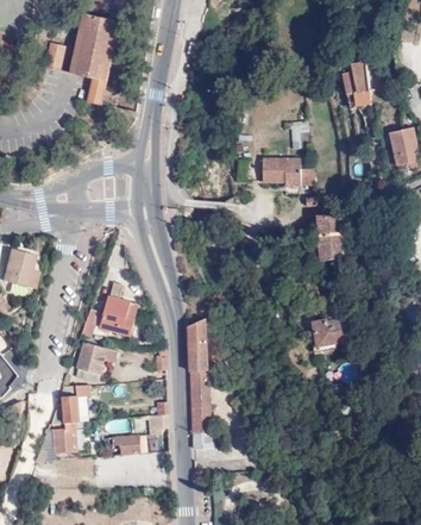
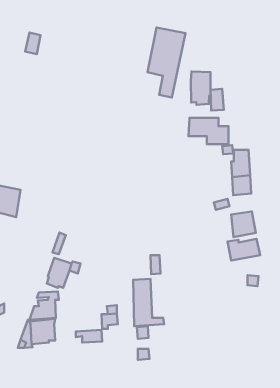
building: [73,18,122,110] -> [147,28,185,98]
building: [343,61,369,92] -> none
building: none -> [191,71,210,105]
building: [99,281,140,336] -> none
building: none -> [231,212,256,237]
building: [189,315,209,368] -> none

